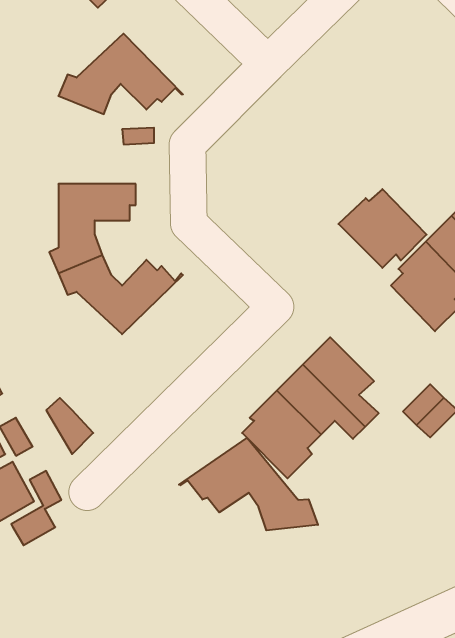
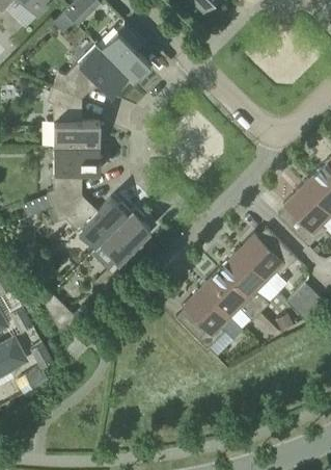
building: none -> [95,25,150,84]
building: none -> [45,85,105,146]
building: [338,189,427,268] -> [237,227,297,281]
building: none -> [94,208,150,276]
building: [179,438,318,530] -> none

